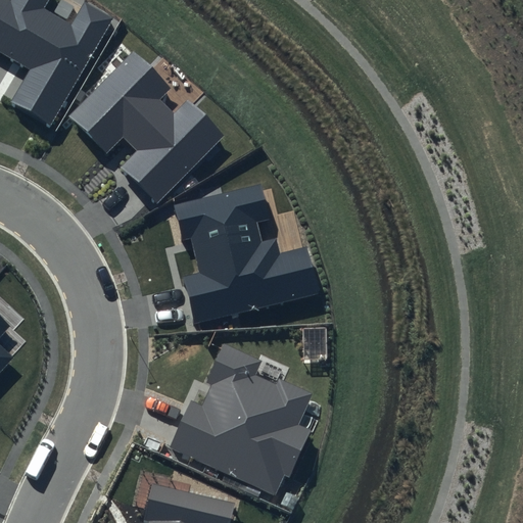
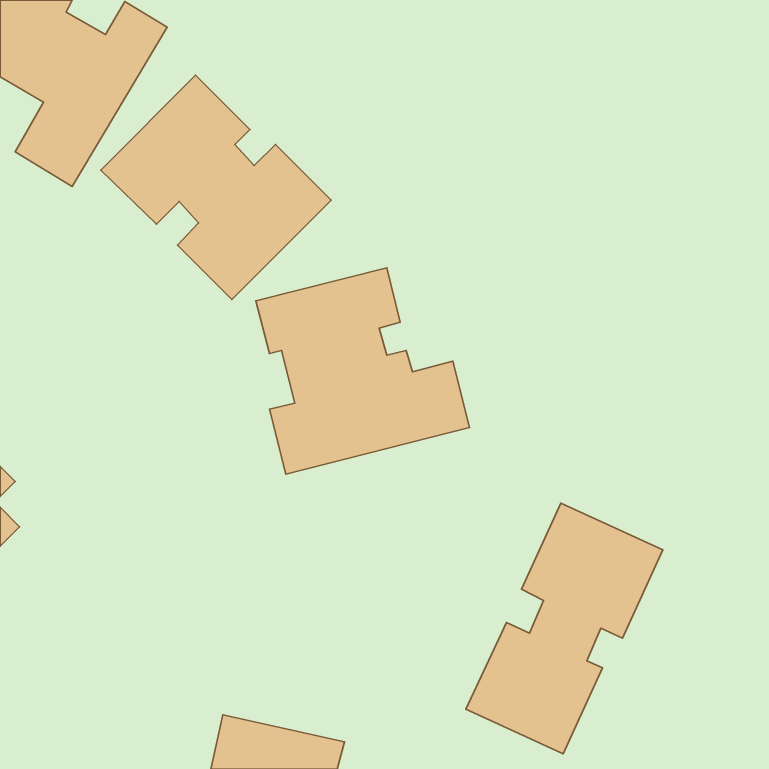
building: none -> [466,503,663,754]
building: [170,344,313,495] -> none

